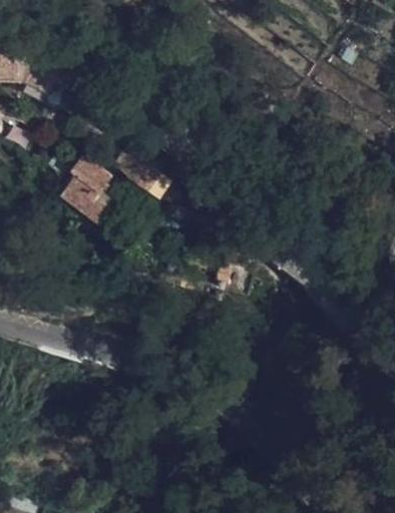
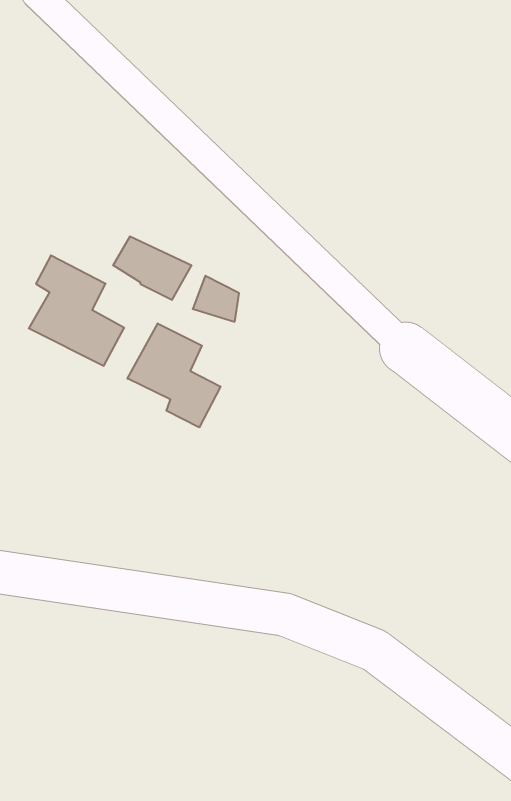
building: none -> [127,323,220,427]

